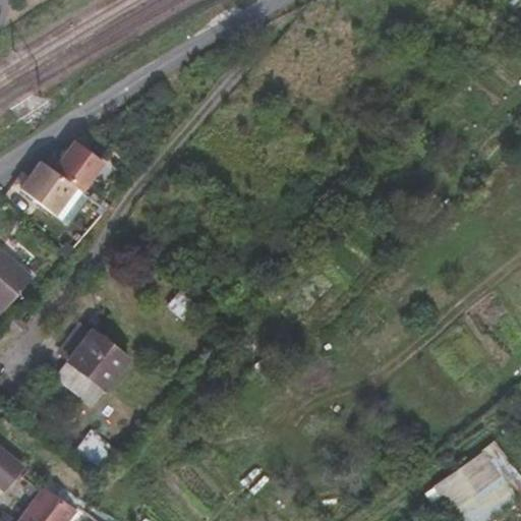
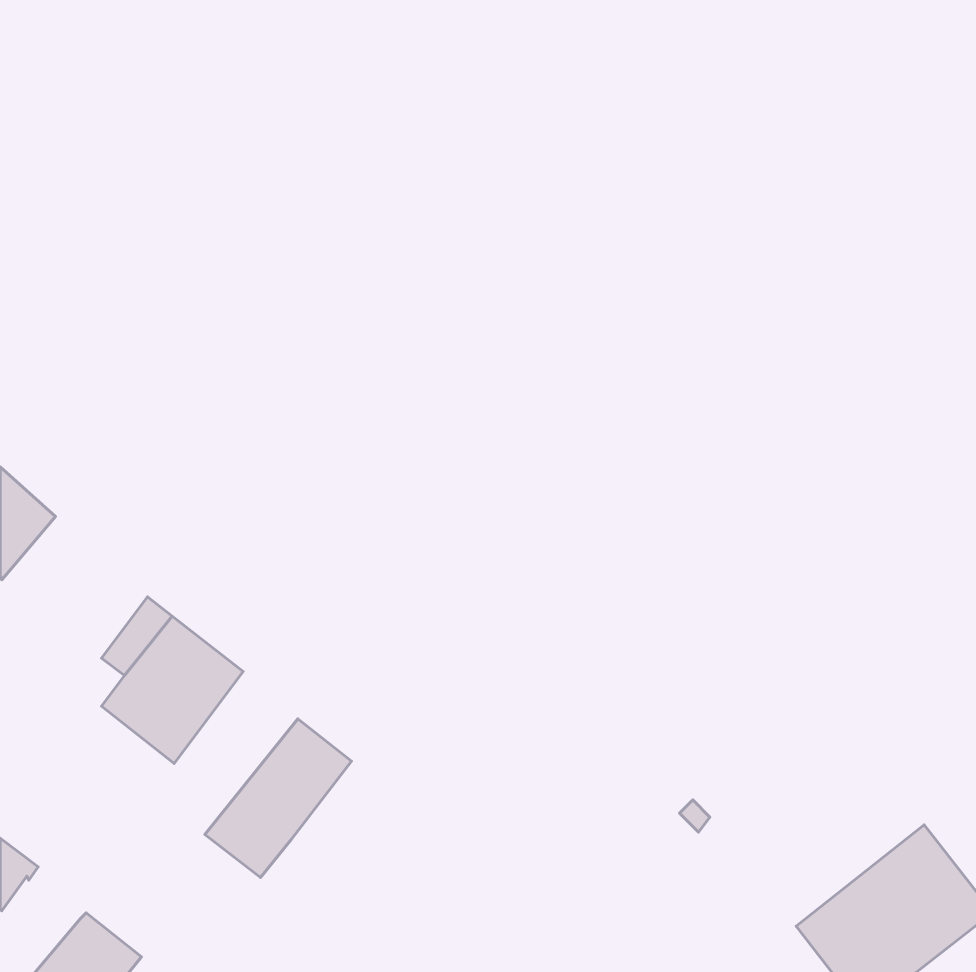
building: [18,138,105,221] -> none
building: none -> [205,719,352,878]

